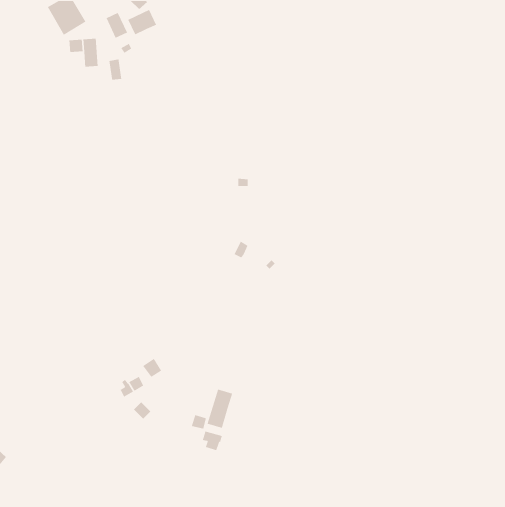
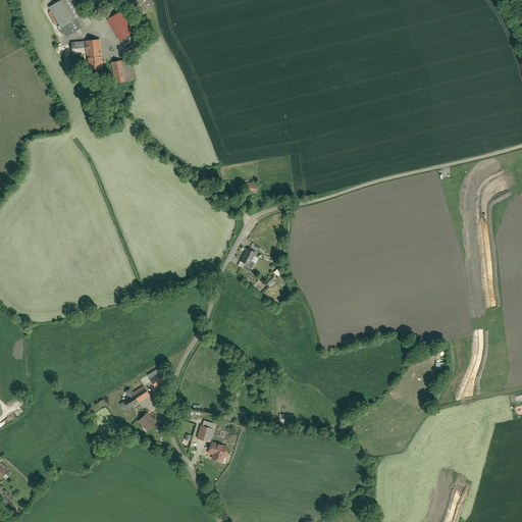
building: [127,9,157,36] -> none
building: [207,388,233,429] -> none

